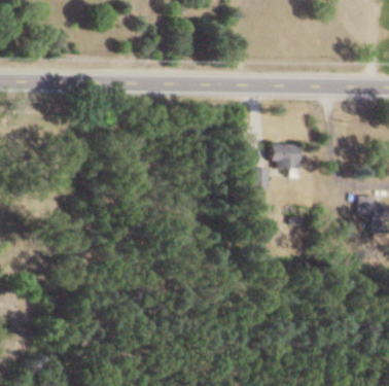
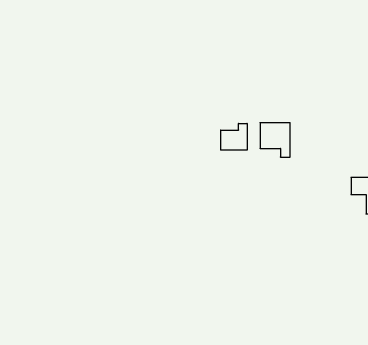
building: none -> [221,123,247,150]

